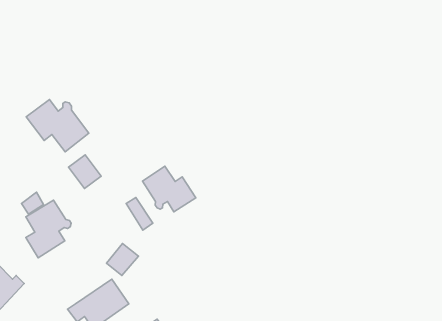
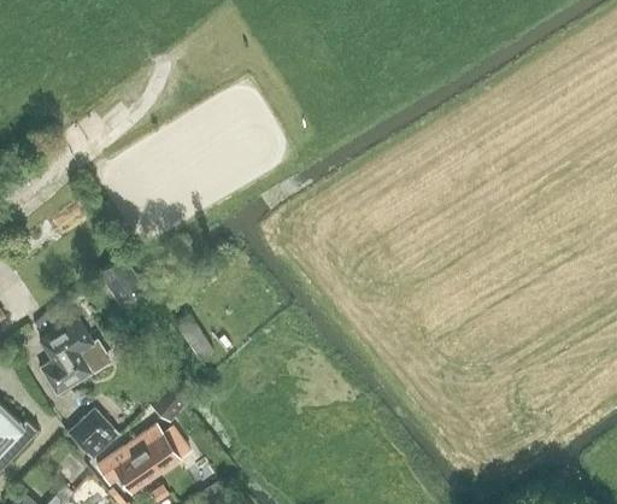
building: [26,99,89,152] -> none
building: [142,166,196,212] -> none
building: none -> [69,410,118,459]

